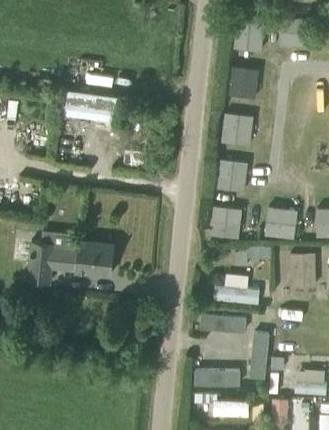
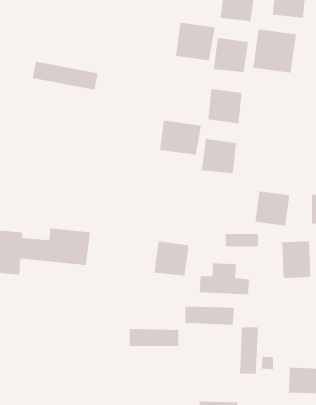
building: none -> [175,22,216,61]
building: none -> [252,29,297,73]
building: none -> [159,120,202,156]
building: [209,206,242,239] -> [153,241,189,276]
building: [194,368,240,385] -> [129,328,179,347]

